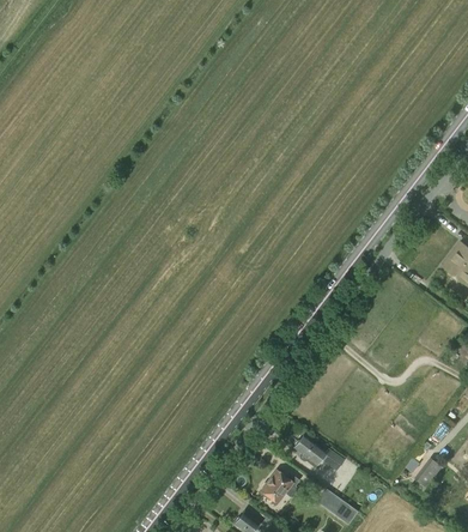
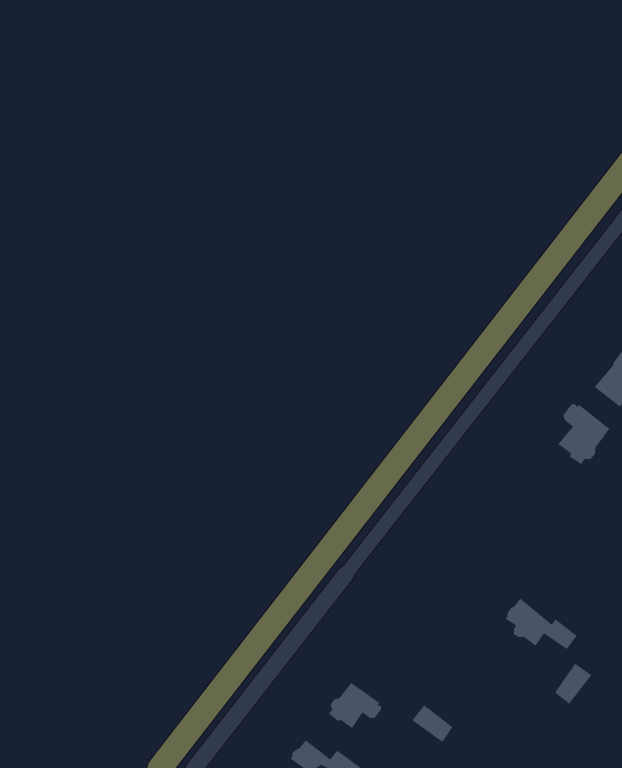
building: none -> [558,403,610,465]
building: [293,434,344,470] -> [505,598,578,650]

